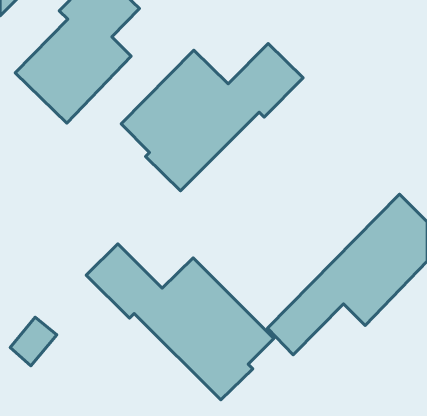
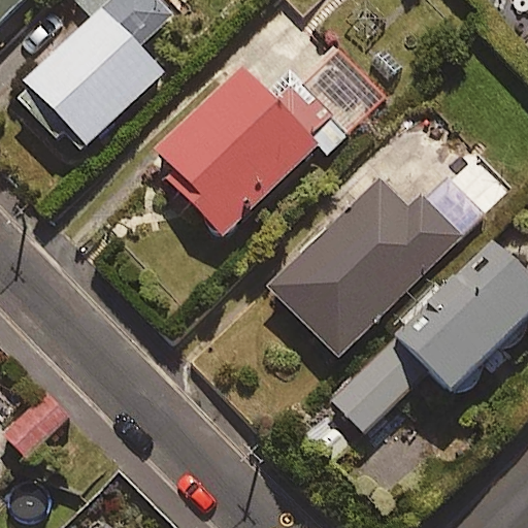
building: none -> [270,172,487,356]
building: [86,244,274,400] -> none

